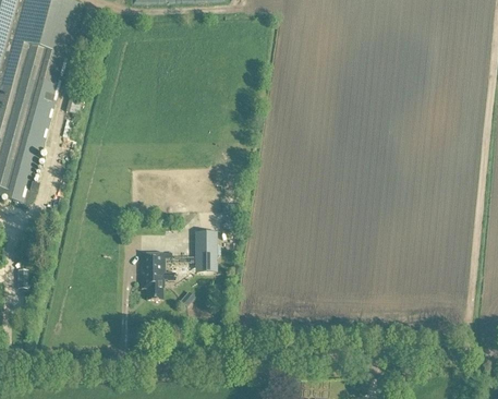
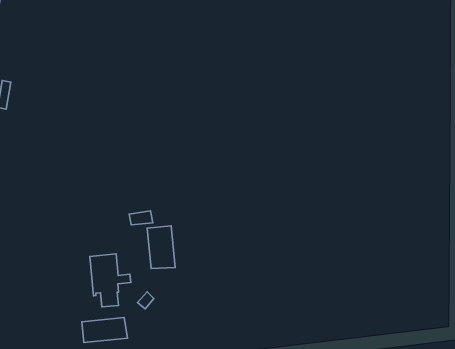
building: none -> [82,318,128,342]

